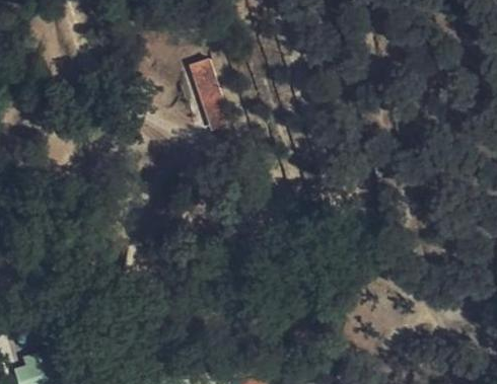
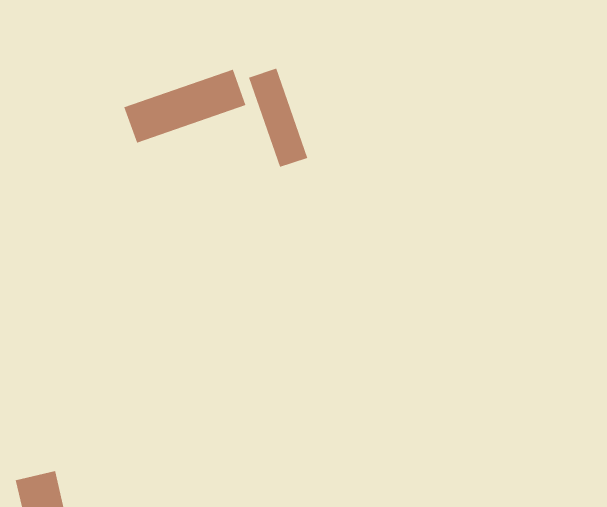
building: none -> [124,69,246,144]

